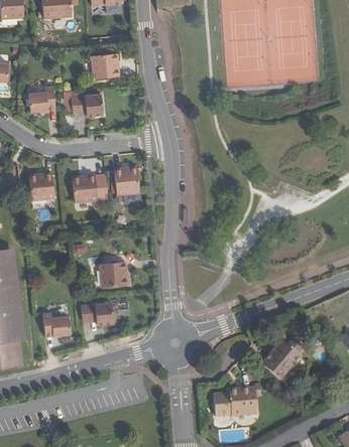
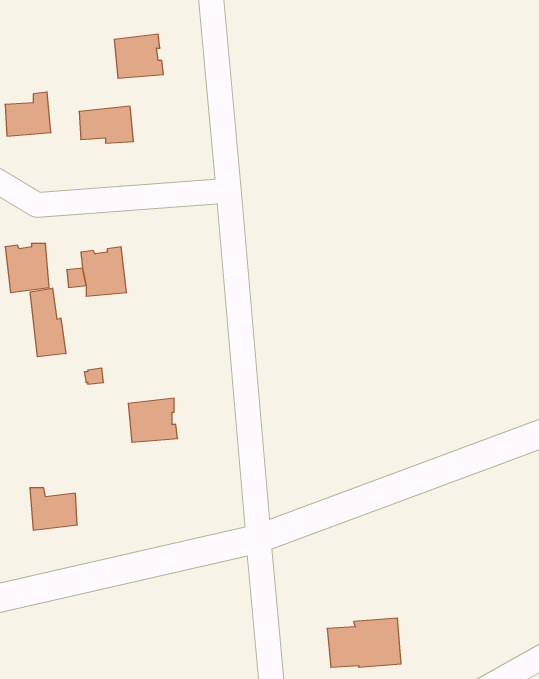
building: [114,167,139,194] -> none
building: none -> [30,288,66,357]
building: [81,303,112,325] -> none
building: [260,336,302,380] -> none

